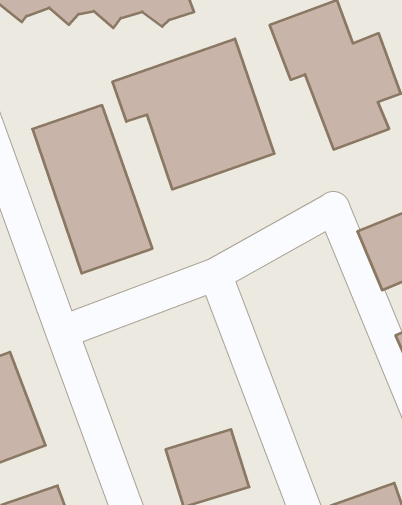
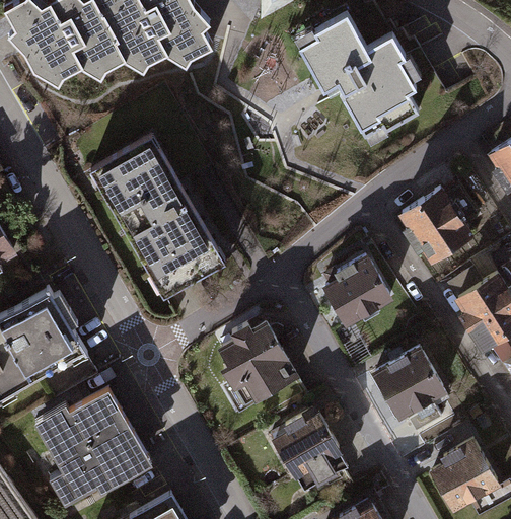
building: [113,39,274,189] -> none
building: none -> [318,256,393,325]
building: none -> [217,319,303,409]
building: none -> [372,349,446,422]

